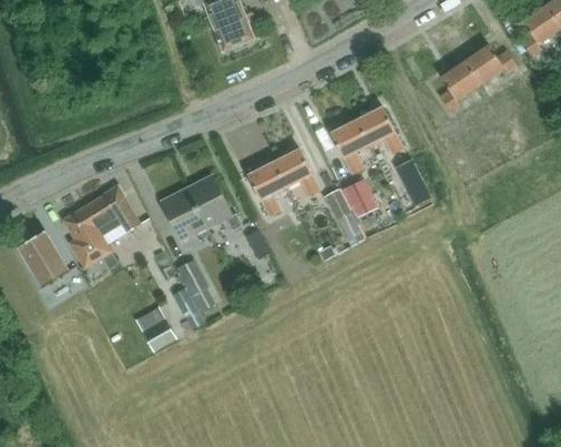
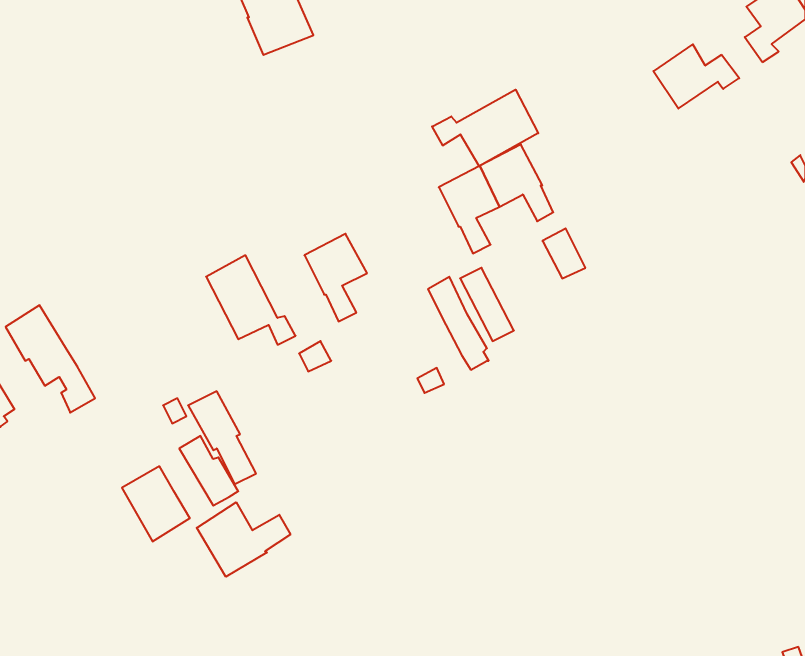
building: [439,60,480,111] -> none
building: none -> [432,90,538,166]
building: [274,148,320,195] -> none
building: [84,183,141,243] -> none
building: [161,187,207,240] -> none
building: none -> [197,502,290,577]

